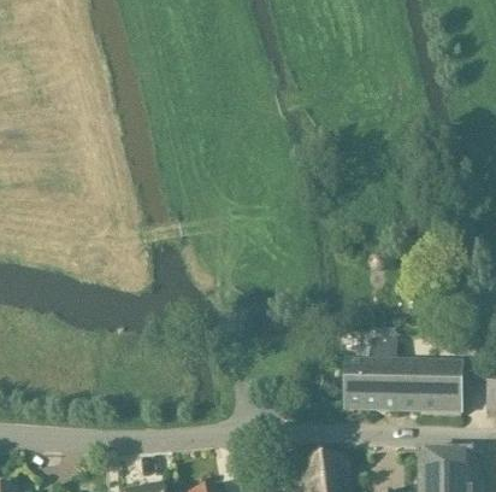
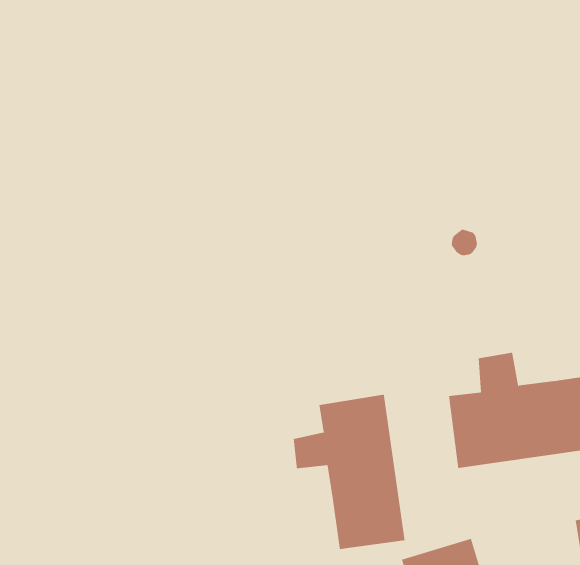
building: none -> [293,394,405,550]

